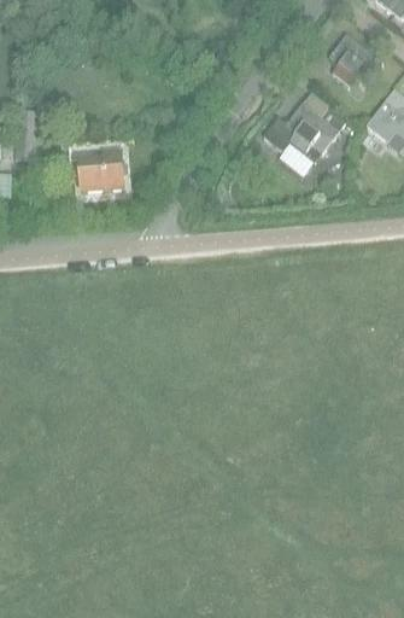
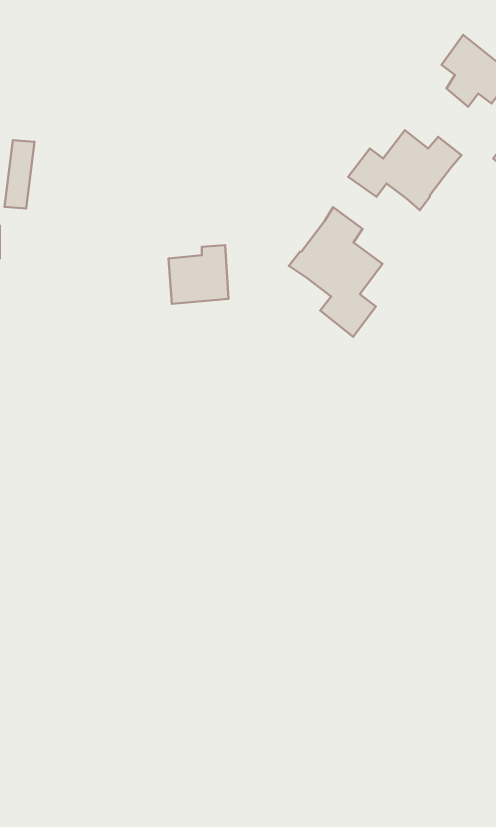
building: [80,147,123,190] -> [168,245,229,304]
building: none -> [289,207,383,337]

